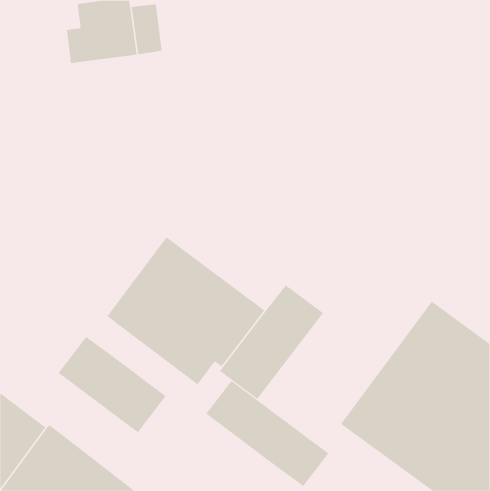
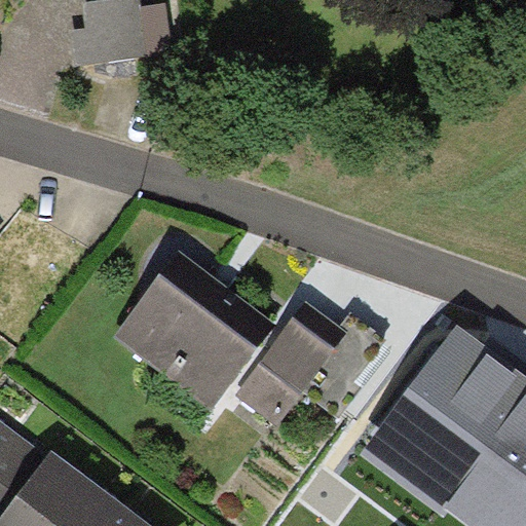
building: [58,336,166,433] -> none
building: [206,380,329,487] -> none

